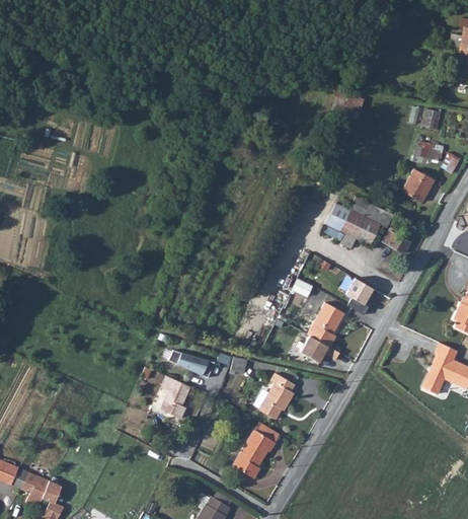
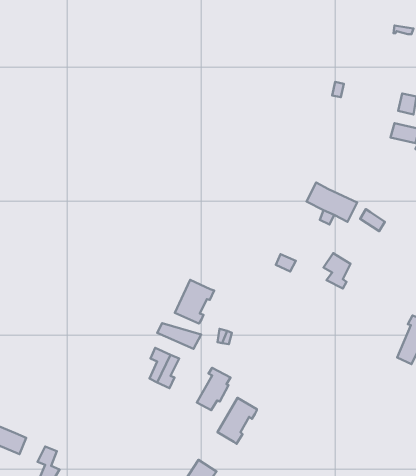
building: [402,168,435,201] -> none
building: [349,196,393,227] -> none
building: [300,304,343,360] -> none
building: none -> [175,280,214,323]
building: [258,374,294,419] -> [197,368,230,410]
building: [22,472,50,507] -> none

